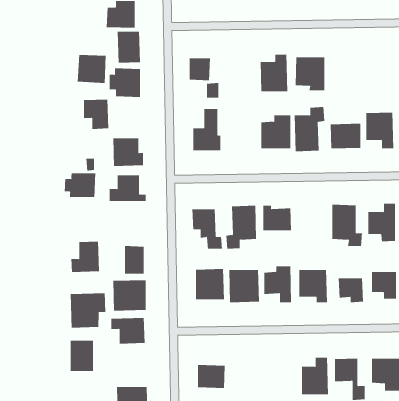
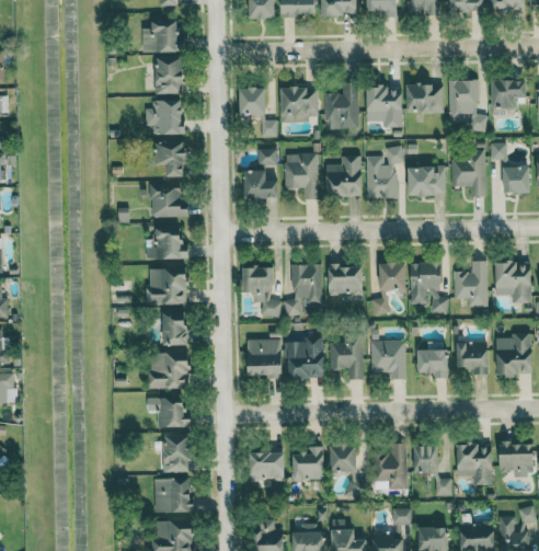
building: none -> [448,80,485,130]
building: [77,54,106,84] -> none
building: none -> [406,84,444,113]
building: none -> [280,87,318,122]
building: [83,99,109,129] -> [156,141,186,177]
building: none -> [284,152,318,199]
building: [64,172,96,198] -> none
building: none -> [371,262,406,313]
building: [70,241,100,272] -> [152,267,187,305]
building: [70,292,106,328] -> none
building: [70,340,94,371] -> [163,435,192,472]
building: none -> [330,445,356,472]
building: none -> [293,447,324,480]

